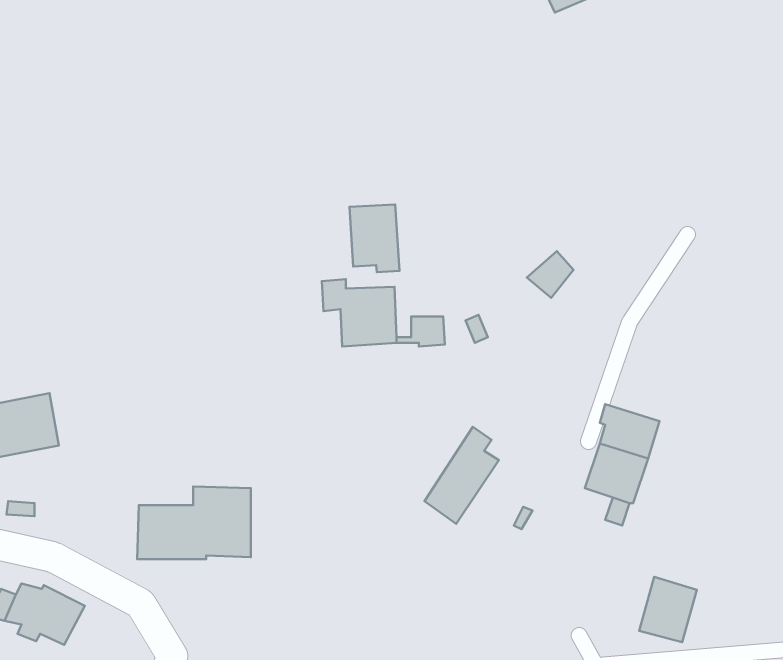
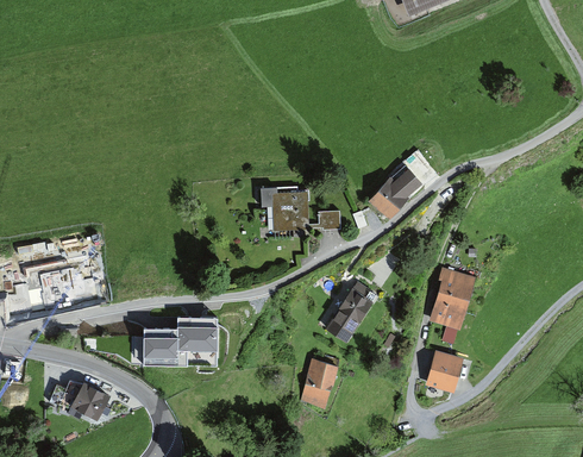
building: [350,204,400,272] -> none
building: none -> [371,182,407,218]
building: none -> [300,356,338,407]
building: [639,577,697,642] -> [426,349,463,390]

